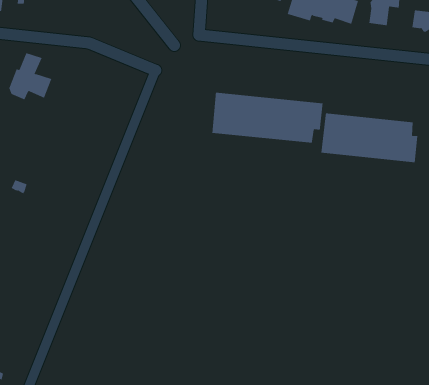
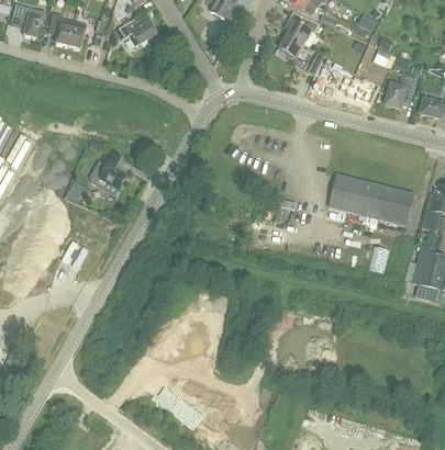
building: [9,53,52,100] -> [90,148,127,189]
building: [212,92,323,143] -> none

